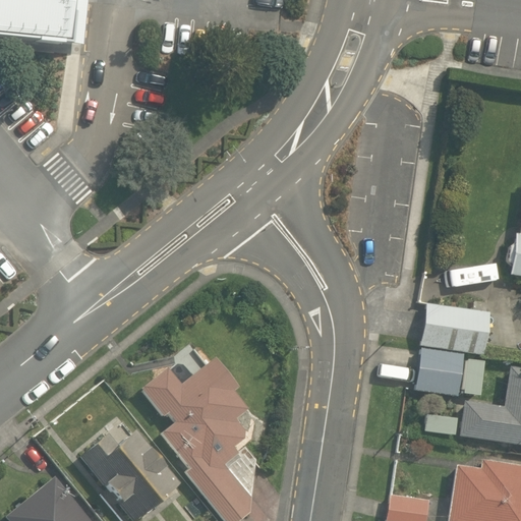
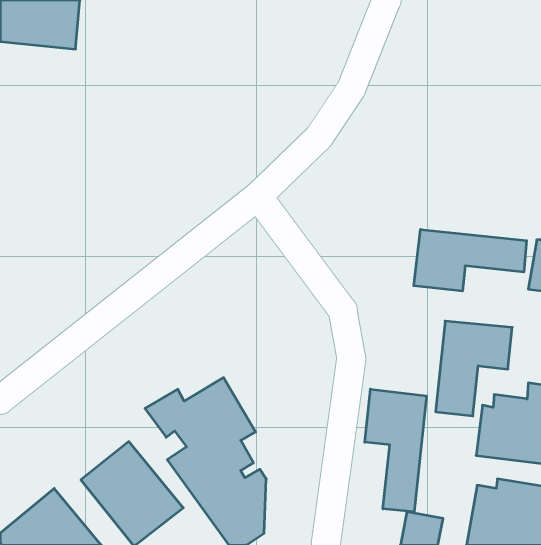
building: none -> [414,229,527,291]
building: none -> [365,389,426,512]

